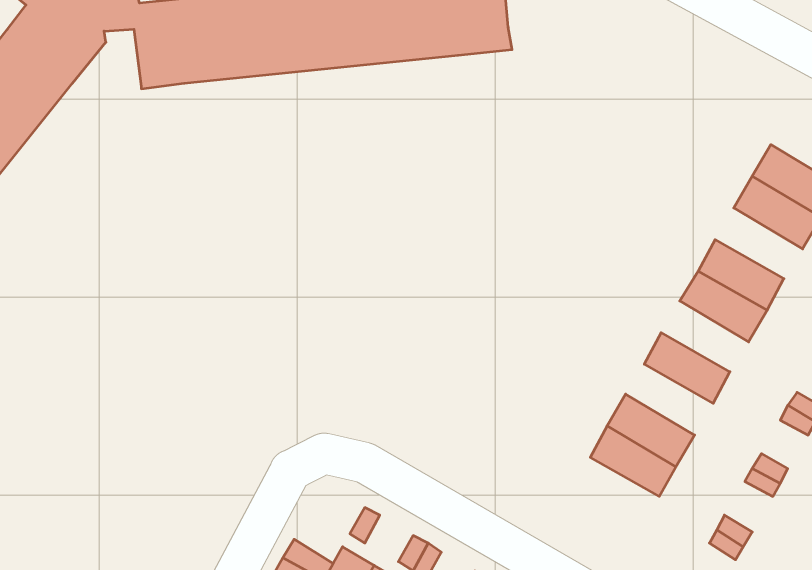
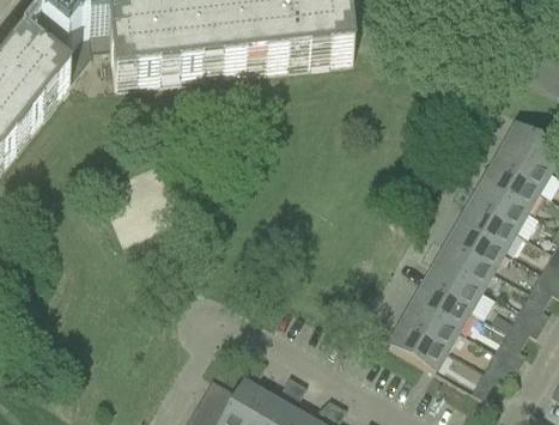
building: none -> [482,159,539,205]
building: none -> [448,219,504,265]
building: none -> [425,260,481,305]
building: none -> [390,320,446,366]

